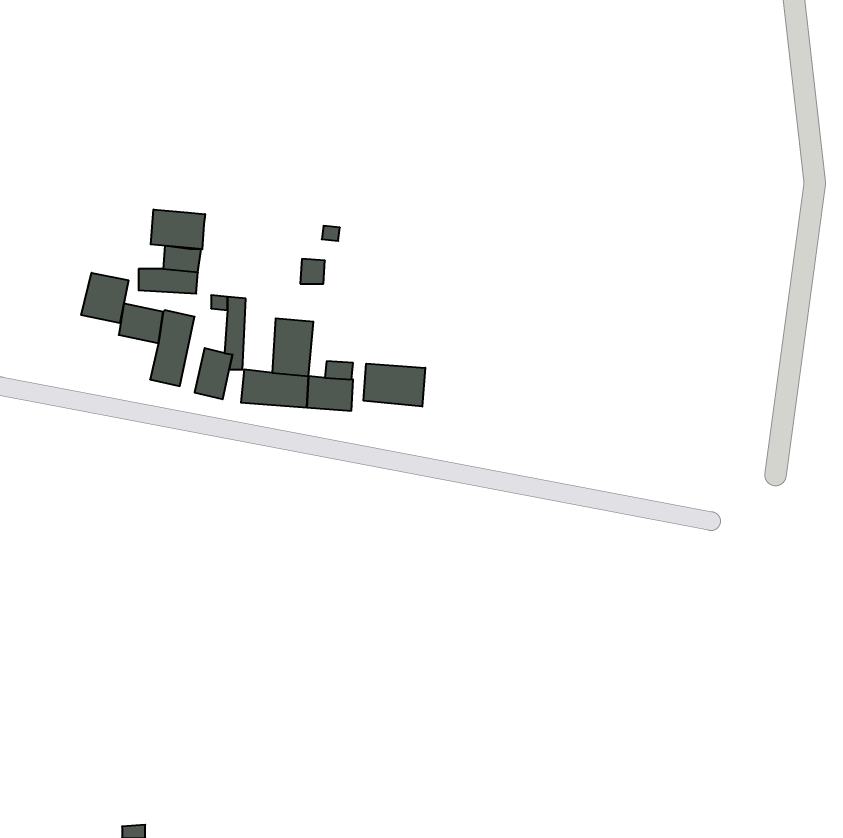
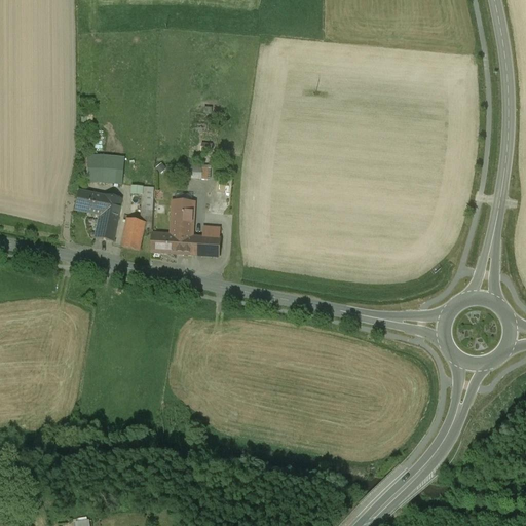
building: [151,209,205,249] -> none
building: [81,273,128,323] -> none
building: [364,364,425,407] -> none

